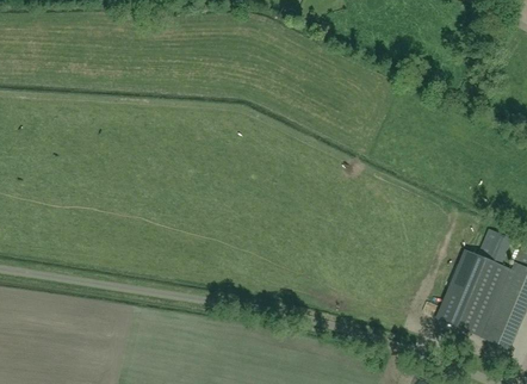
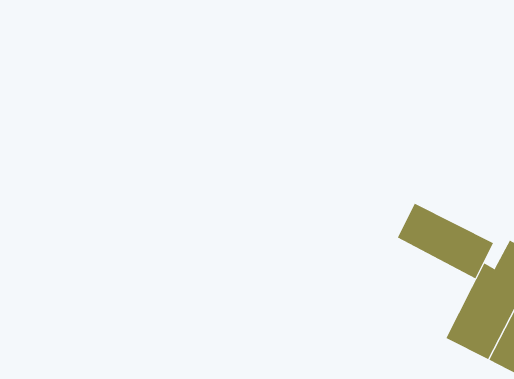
building: none -> [397,203,494,279]

